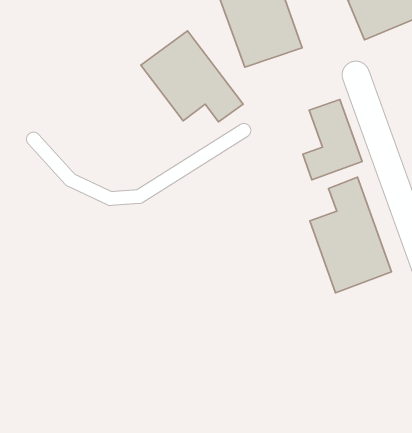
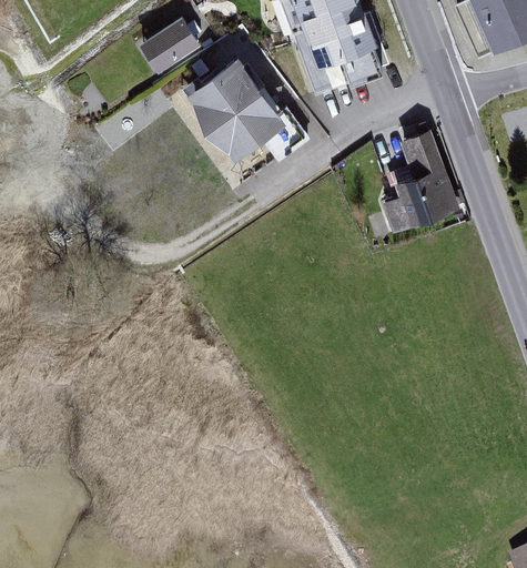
building: none -> [139,14,201,72]
building: [310,177,391,293] -> none

